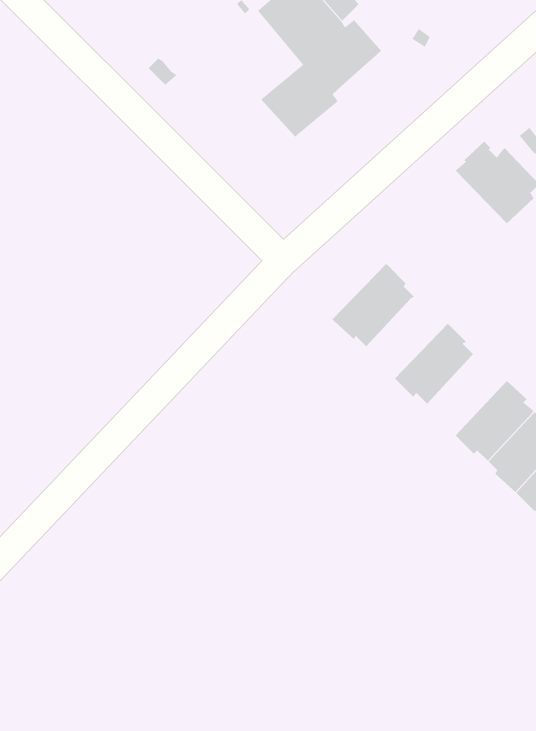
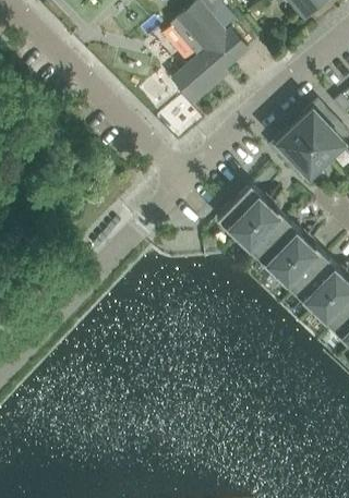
building: none -> [273,126,325,180]
building: none -> [237,206,288,257]
building: none -> [275,242,325,293]

